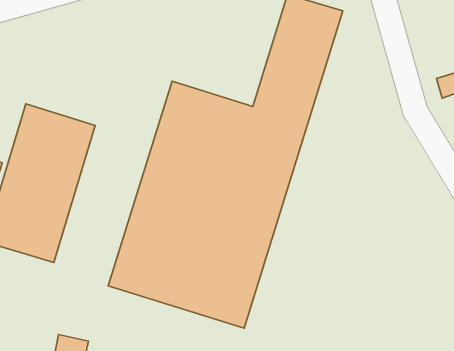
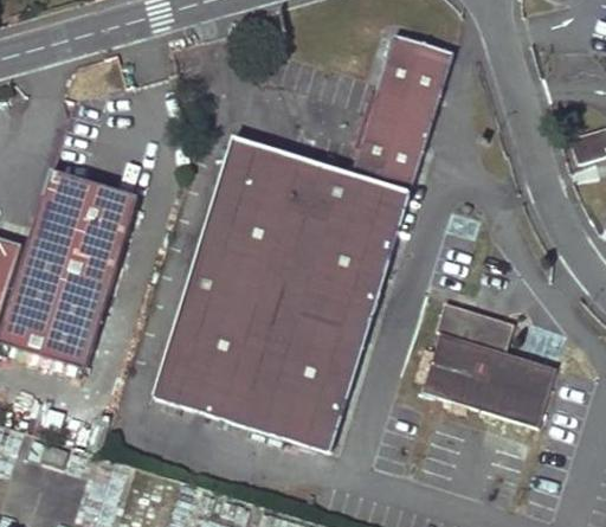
building: none -> [421,302,554,426]

